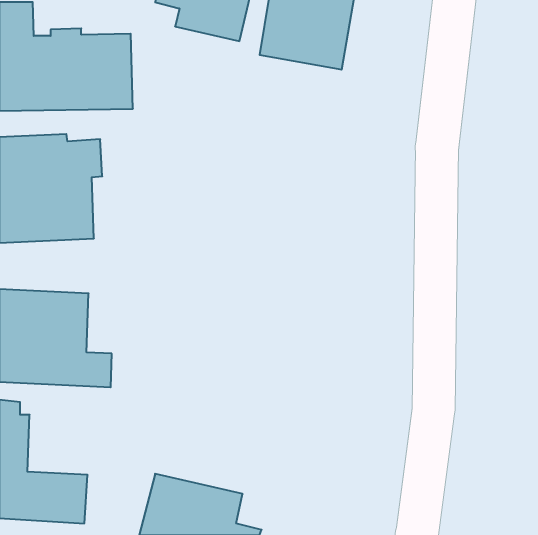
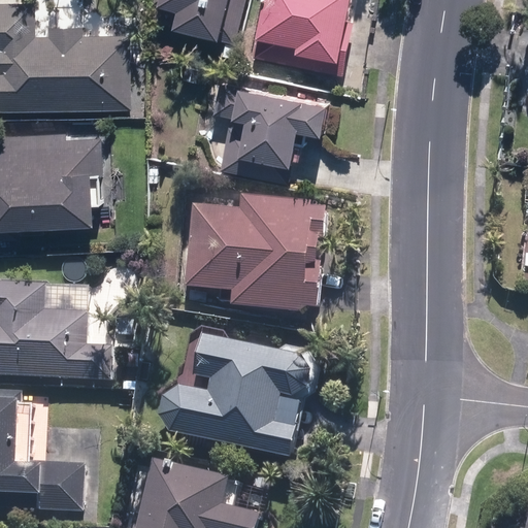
building: none -> [213,82,324,182]
building: none -> [186,199,323,314]
building: none -> [159,338,307,459]

